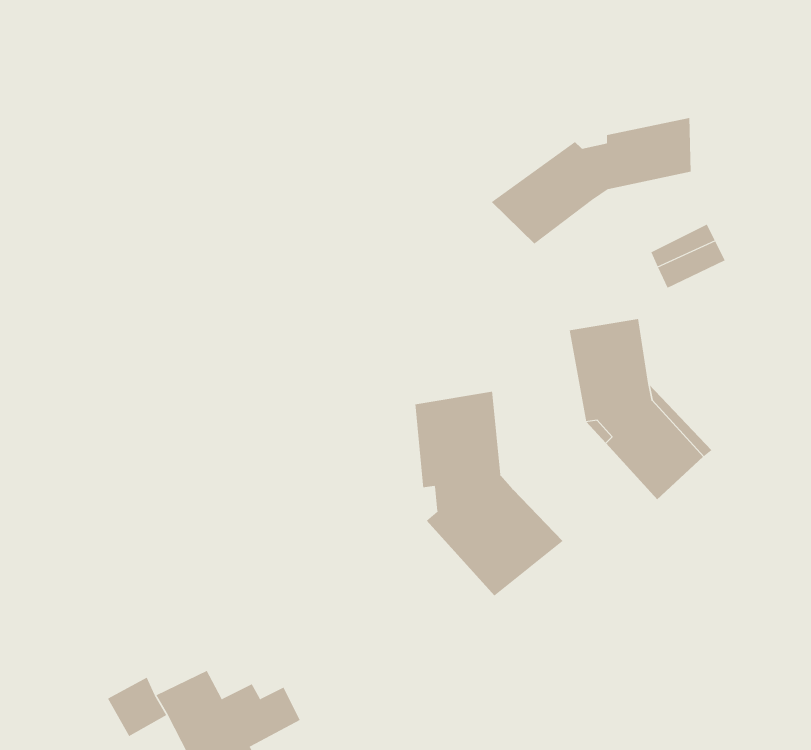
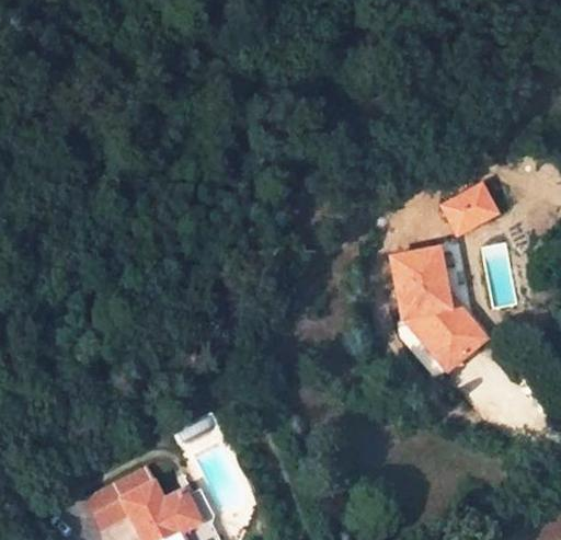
building: [491,117,691,245] -> none
building: [415,391,563,597] -> none

